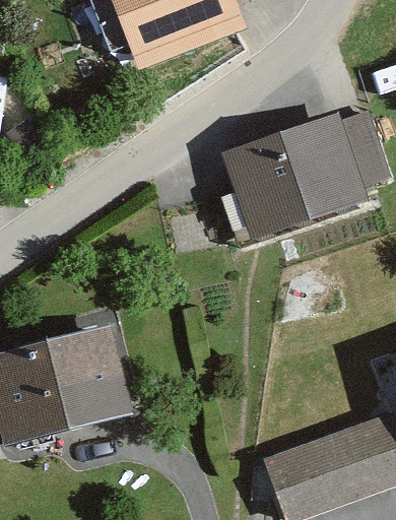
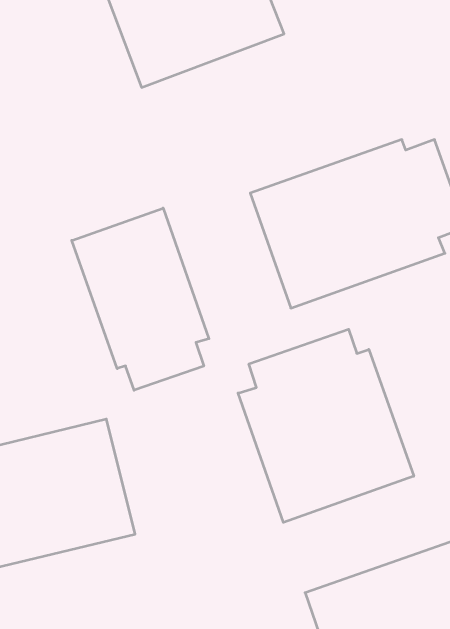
building: none -> [72,208,209,390]
building: none -> [238,329,414,522]

